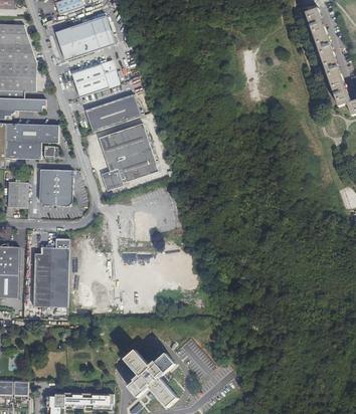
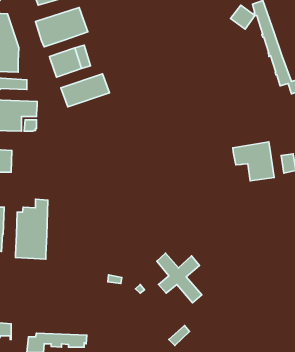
building: none -> [230,5,255,29]
building: [99,122,158,189] -> none
building: [39,168,72,205] -> none
building: none -> [233,142,274,181]
building: [126,349,178,406] -> [157,253,202,303]

